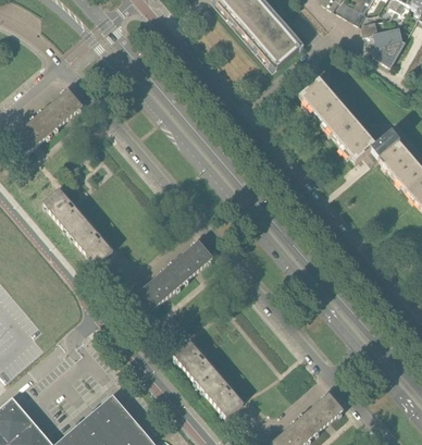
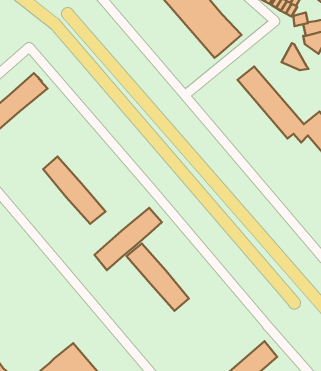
building: none -> [281,43,309,70]
building: [44,188,114,264] -> [43,157,106,224]
building: [173,341,244,417] -> [126,244,189,311]

